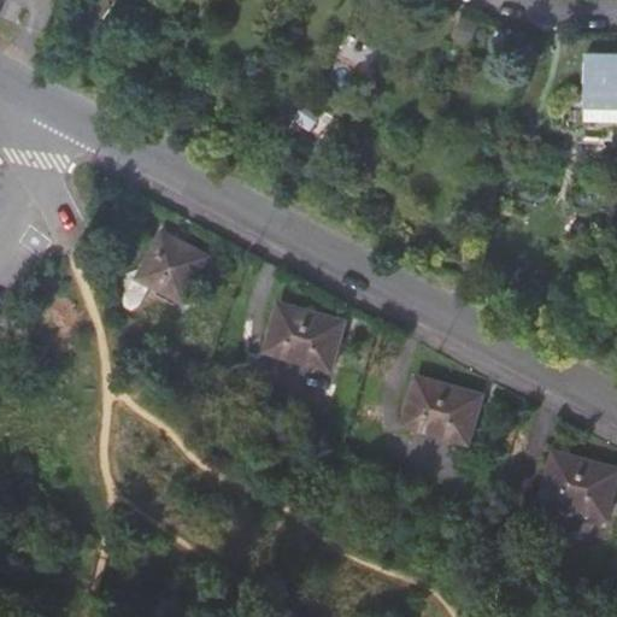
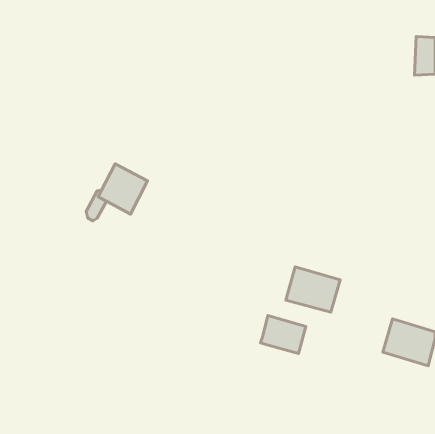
building: [266,304,343,370] -> none
building: none -> [261,316,306,354]

